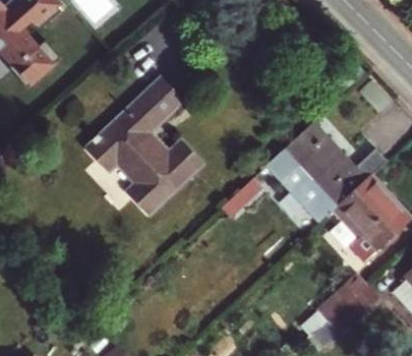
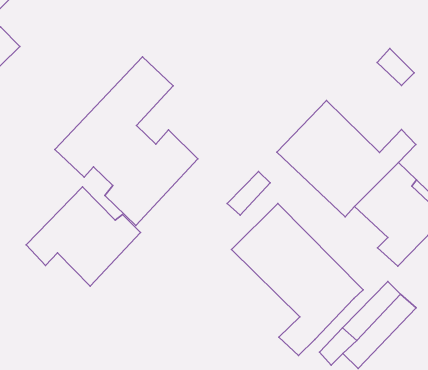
building: none -> [26,187,141,286]
building: none -> [231,203,363,356]

